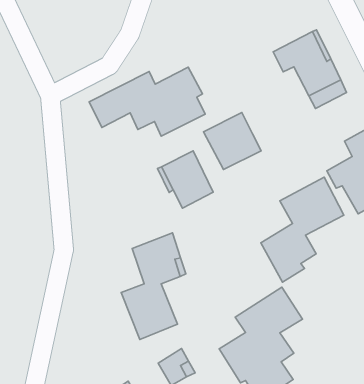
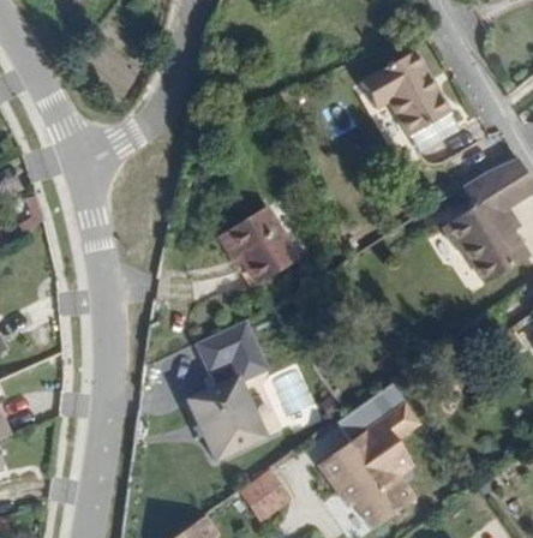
building: [89,67,205,136] -> none
building: [203,112,261,170] -> none
building: [261,177,344,282] -> none

